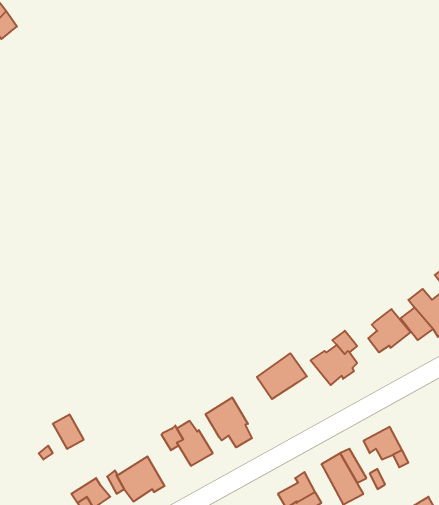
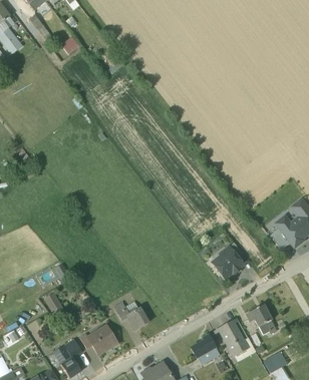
building: [368,309,411,352] -> none
building: [257,353,307,399] -> none
building: [206,397,252,447] -> none

